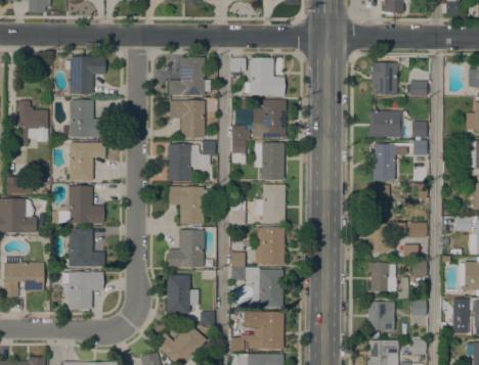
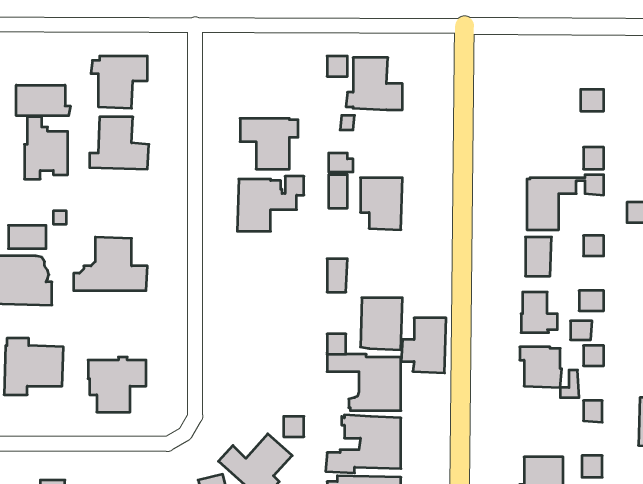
building: [169,57,211,95] -> none
building: [372,57,408,95] -> none
building: none -> [16,85,70,116]
building: [252,99,286,138] -> none
building: [369,110,403,137] -> none
building: [70,142,105,180] -> none
building: [254,184,286,223] -> [401,318,446,373]
building: [169,186,211,224] -> none
building: [69,229,104,267] -> none
building: [169,230,205,267] -> none
building: [167,275,199,313] -> none
building: [368,302,394,331] -> none

